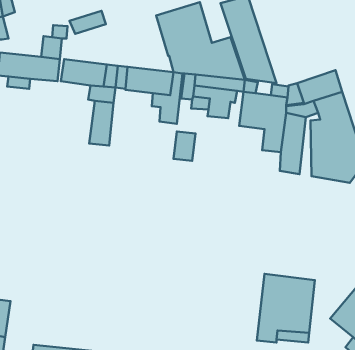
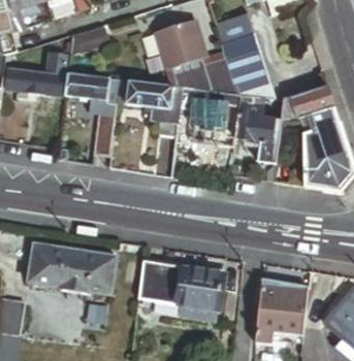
building: none -> [24,239,117,288]
building: none -> [137,253,221,311]

